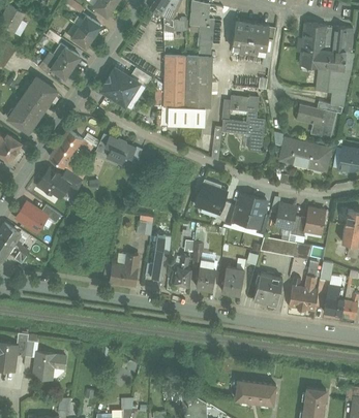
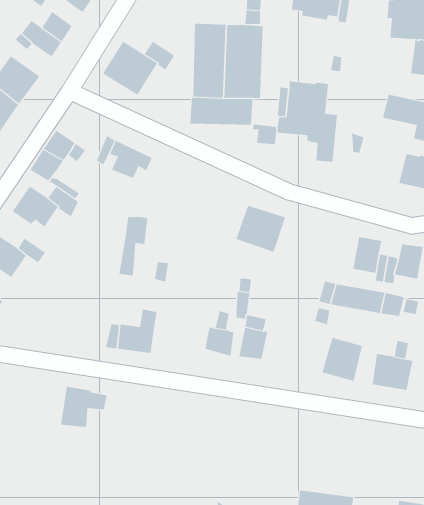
building: [279,138,312,166] -> none
building: [231,193,265,231] -> none
building: [150,235,171,278] -> [119,217,148,277]
building: [221,266,243,294] -> none
building: [32,350,65,379] -> [60,386,108,428]

